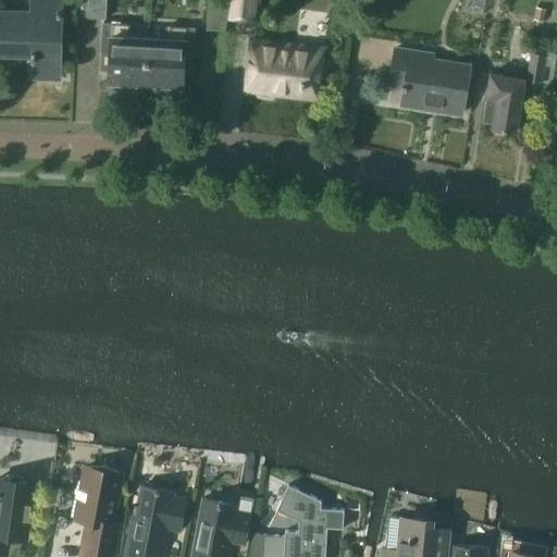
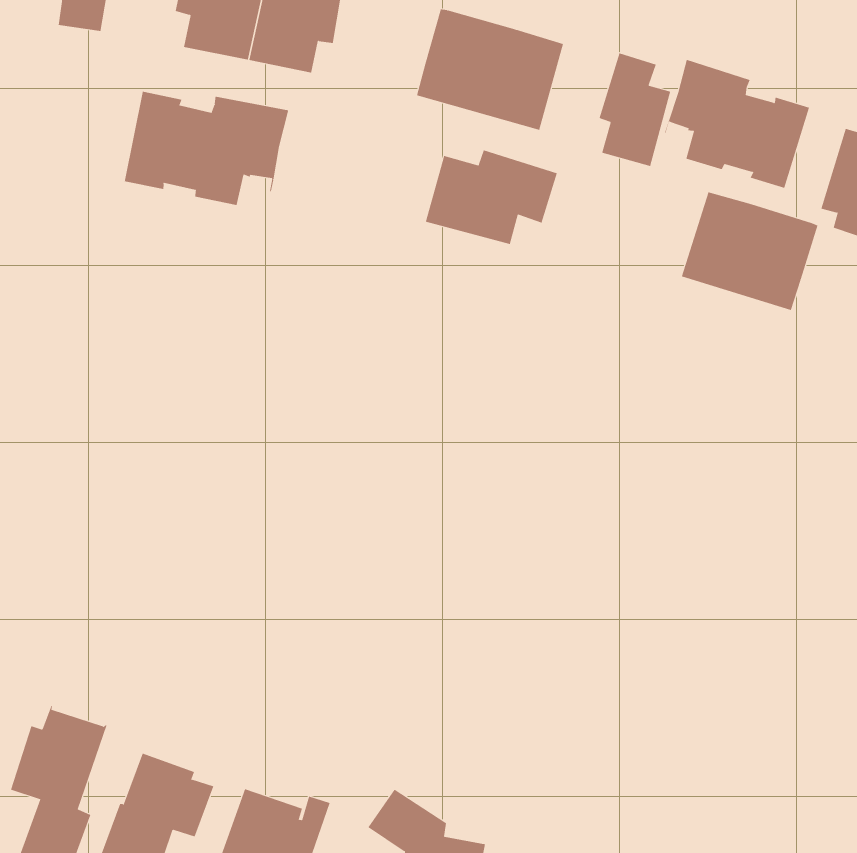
building: none -> [599,53,671,167]
building: none -> [124,91,289,206]
building: none -> [425,149,557,245]
building: none -> [681,191,818,311]

